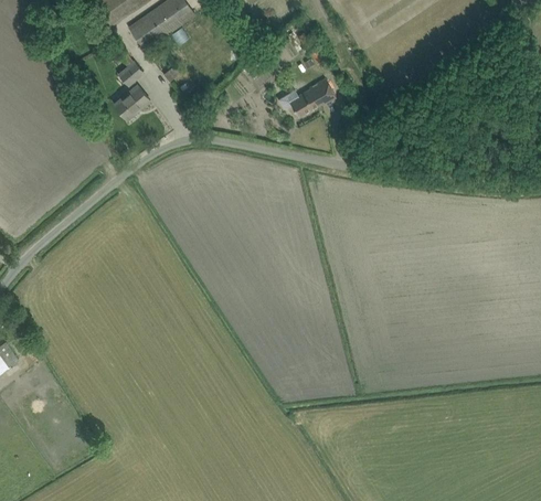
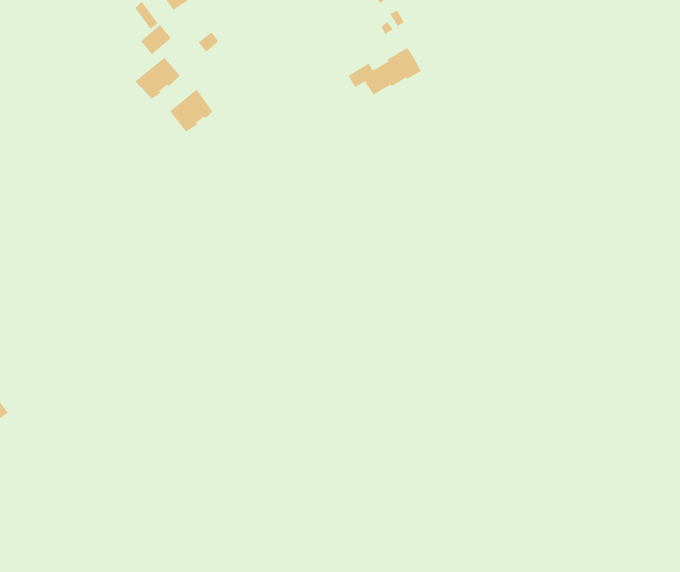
building: none -> [169,89,213,132]

